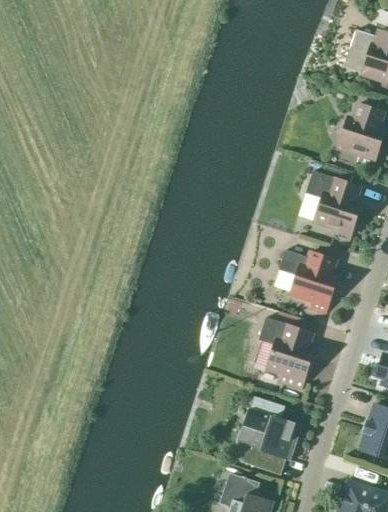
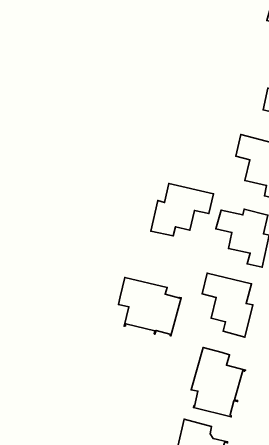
building: none -> [151,183,213,236]
building: none -> [118,278,181,336]

